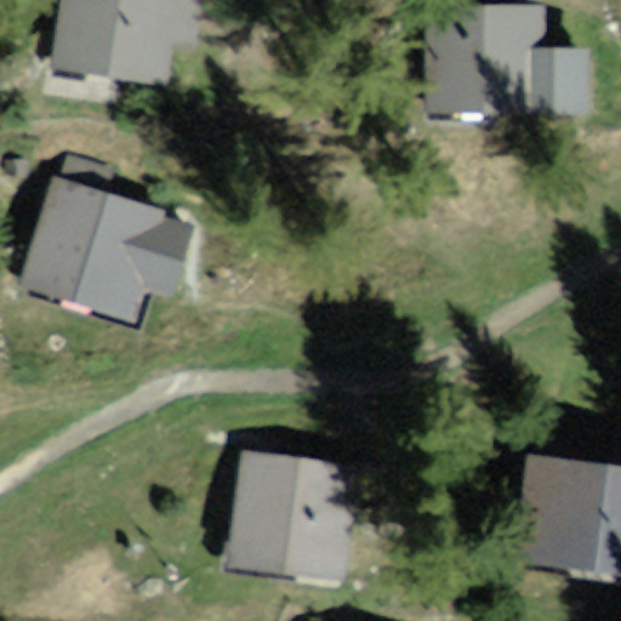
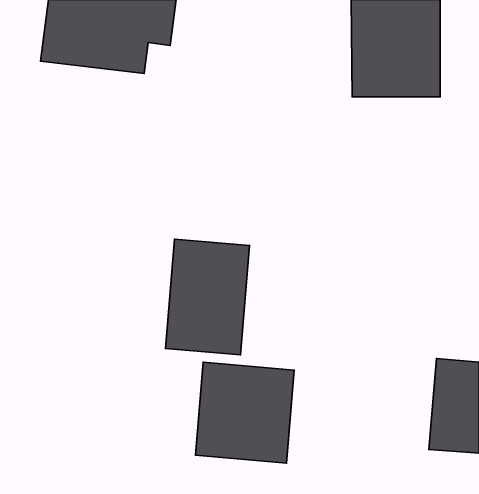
building: [22,178,172,315] -> none
building: none -> [166,239,249,355]

